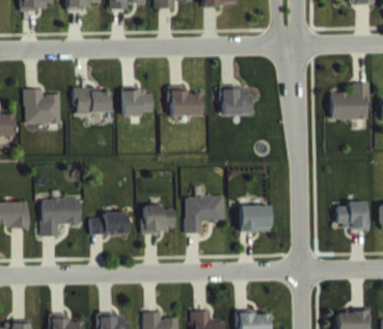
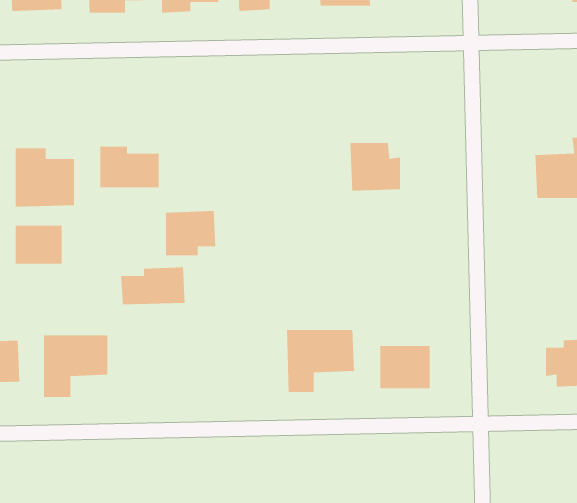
building: [170,86,201,116] -> none
building: [122,89,153,116] -> [165,210,216,256]
building: none -> [15,225,63,265]
building: [143,205,174,234] -> none
building: [89,213,128,236] -> [120,266,185,305]

